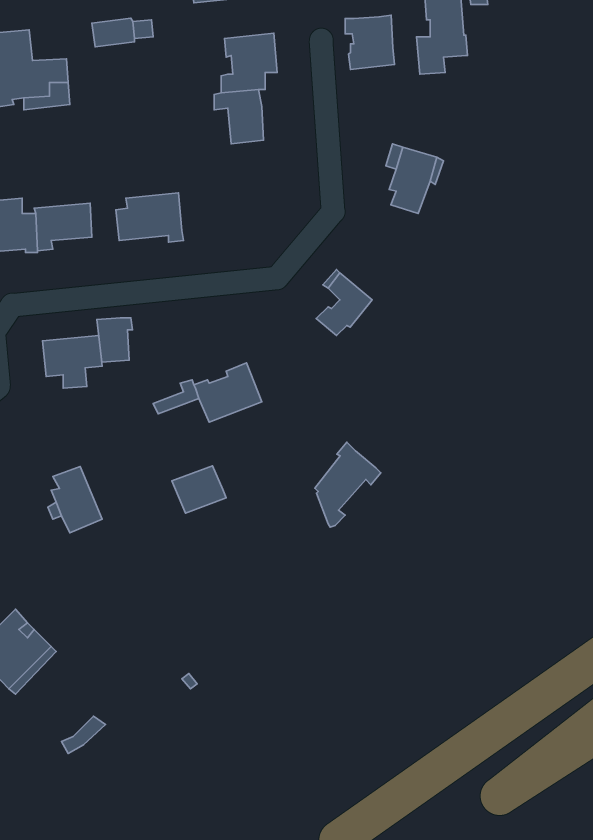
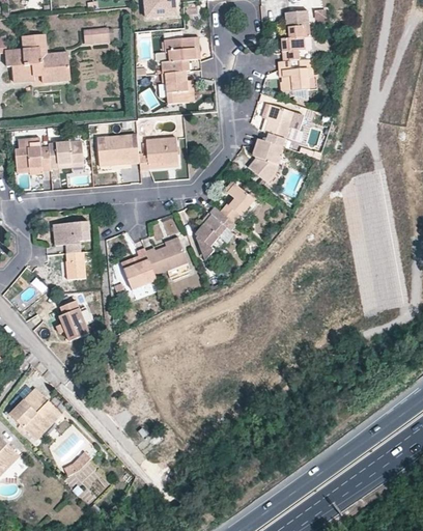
building: [345,15,395,69] -> [278,59,308,92]
building: none -> [138,136,177,169]
building: none -> [249,138,283,183]
building: [97,318,132,362] -> [65,252,87,279]
building: [315,442,381,527] -> [195,205,235,257]
building: [172,466,226,513] -> [123,259,157,288]

